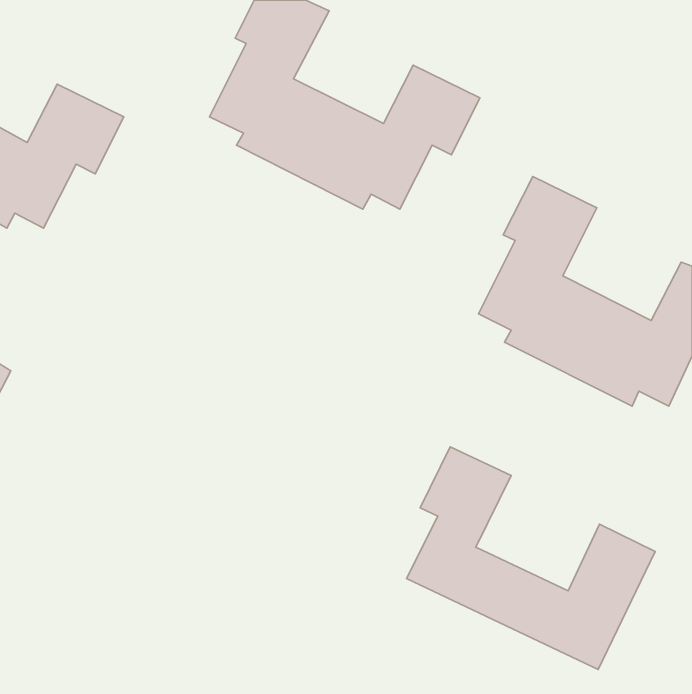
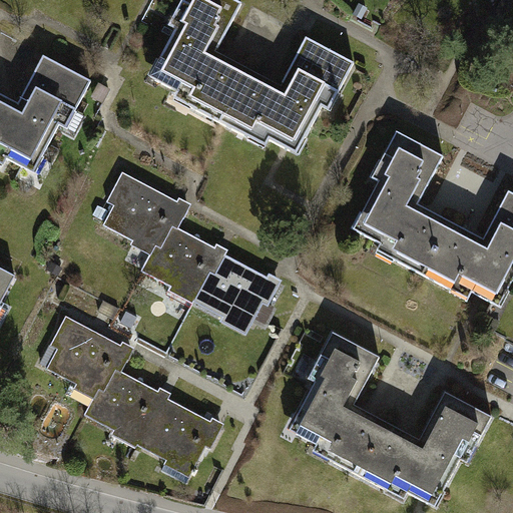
building: none -> [92,167,277,335]
building: none -> [40,314,223,475]

